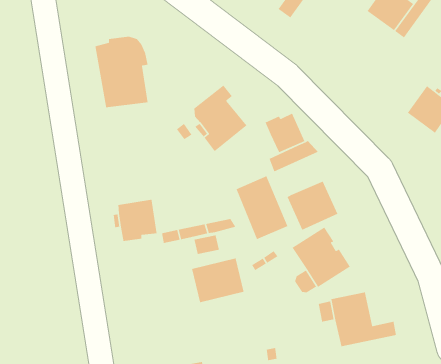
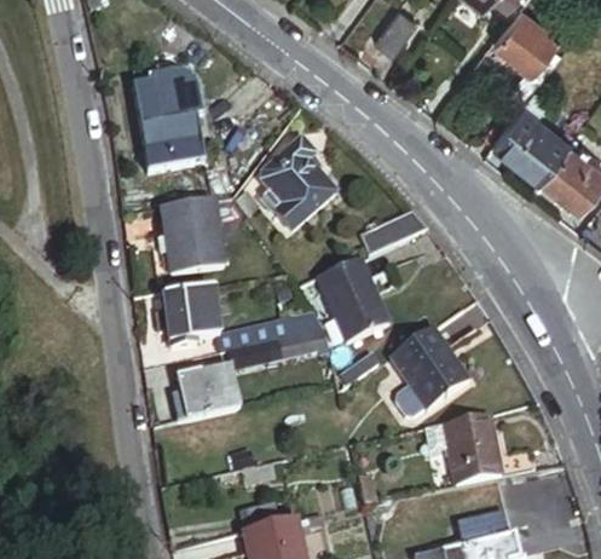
building: none -> [496,92,571,177]
building: [265,112,305,153] -> none
building: none -> [161,200,223,276]
building: [287,180,338,231] -> none
building: [191,257,244,303] -> [172,359,242,420]

